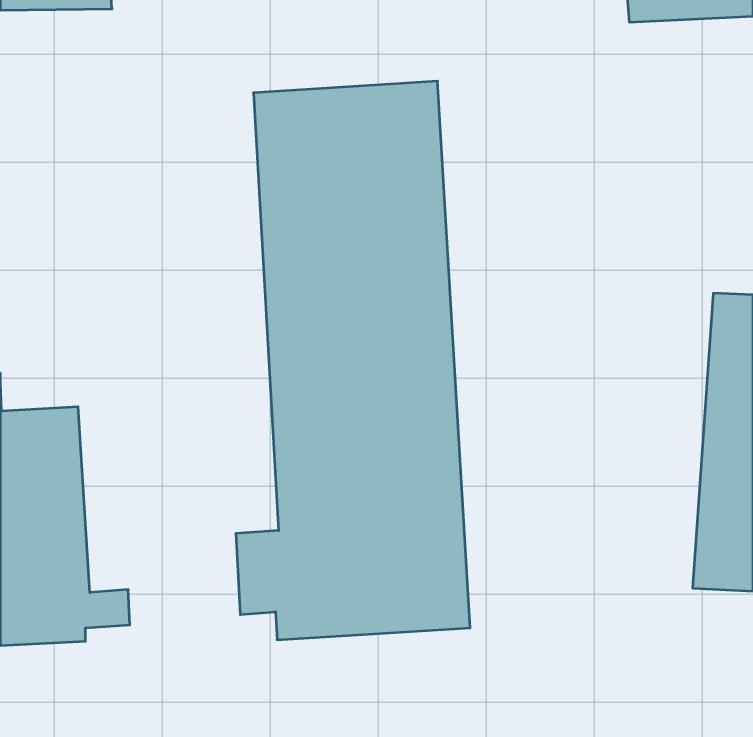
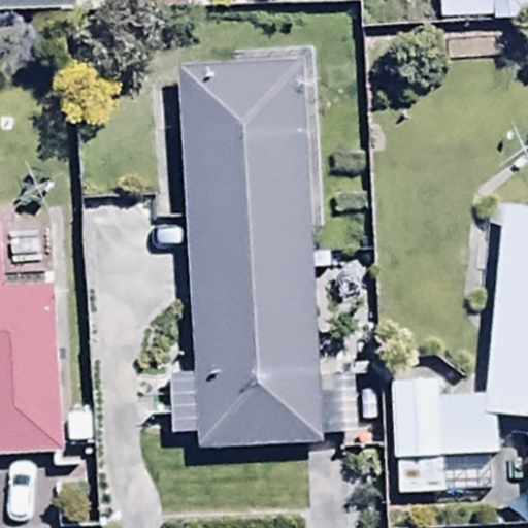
building: none -> [391,372,495,494]

